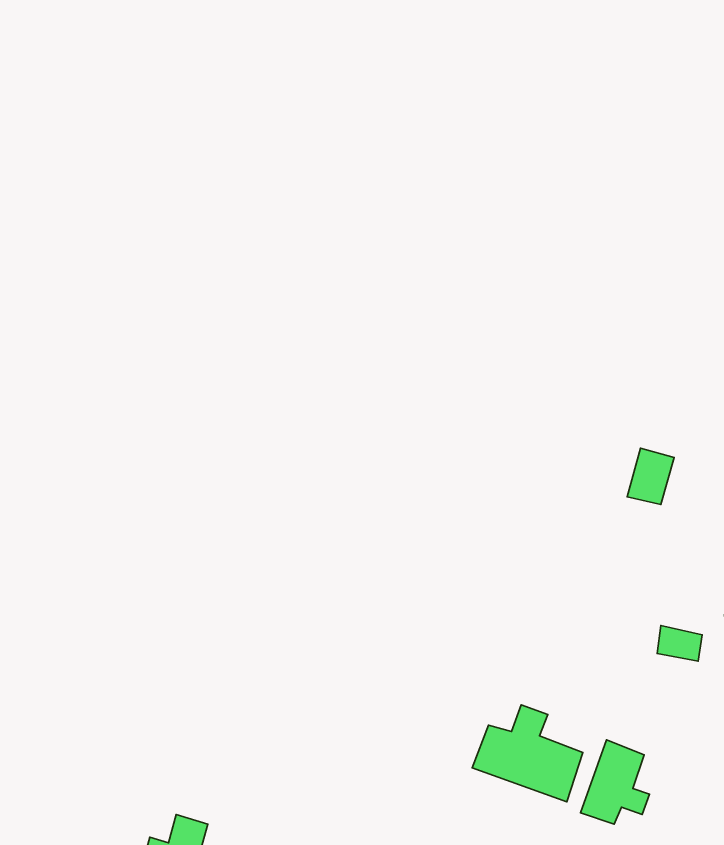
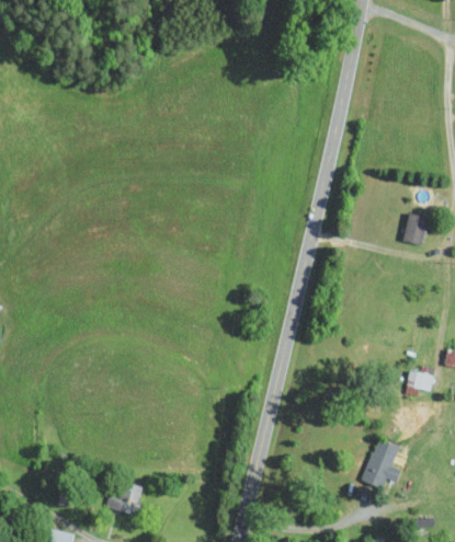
building: [627,448,674,504] -> [402,214,430,246]
building: [472,705,583,802] -> none

